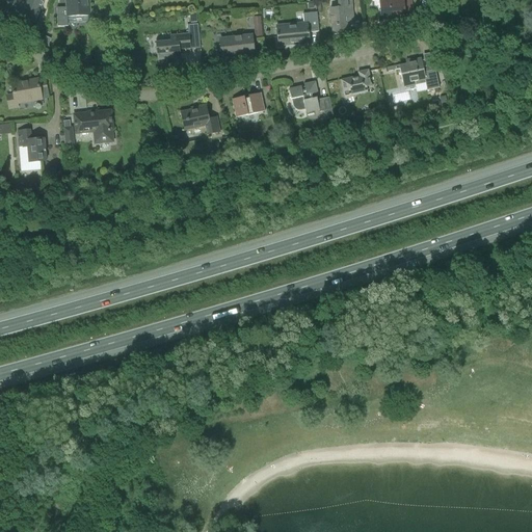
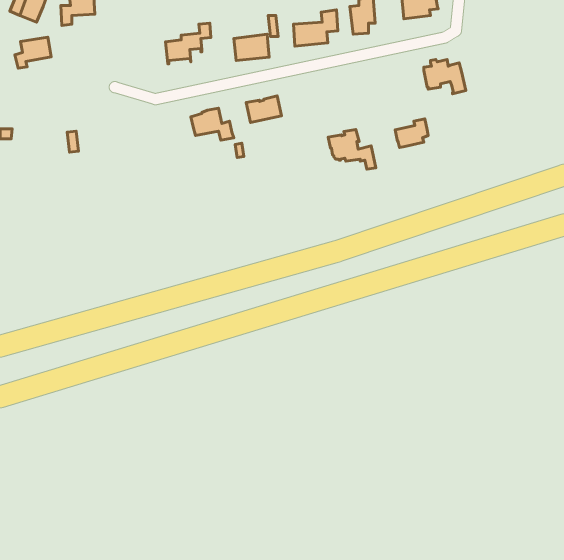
building: [340,68,371,95] -> [395,119,428,148]
building: [6,77,41,106] -> [15,37,51,68]
building: [289,79,334,116] -> [328,129,376,169]
building: [74,108,112,142] -> none
building: [18,128,46,160] -> none

